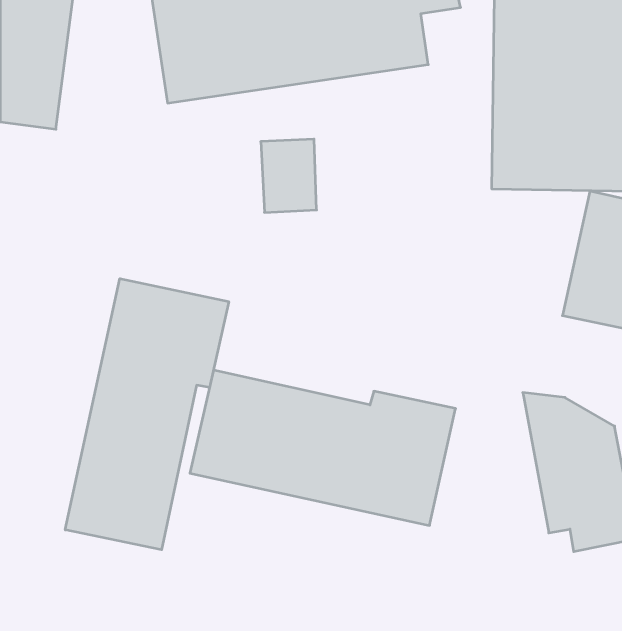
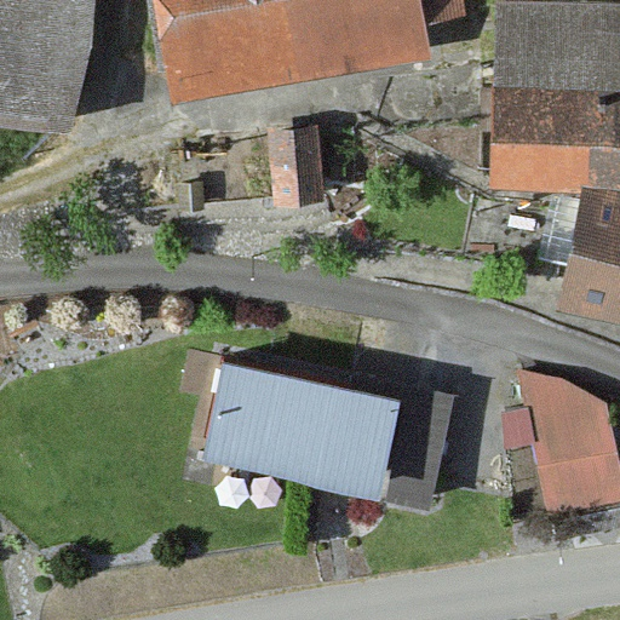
building: [65,279,229,550] -> none

